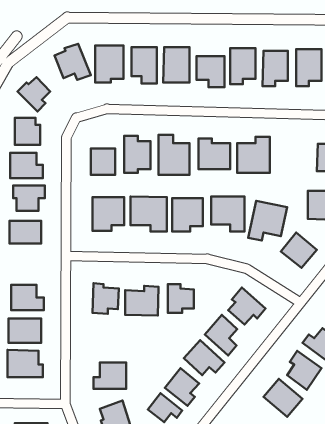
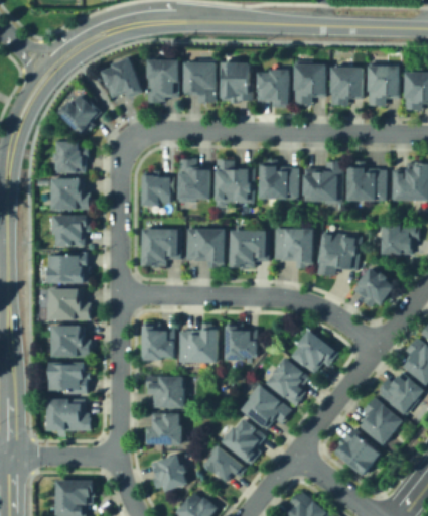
building: none -> [349,165,385,199]
building: none -> [49,290,88,319]
building: none -> [144,379,180,407]

